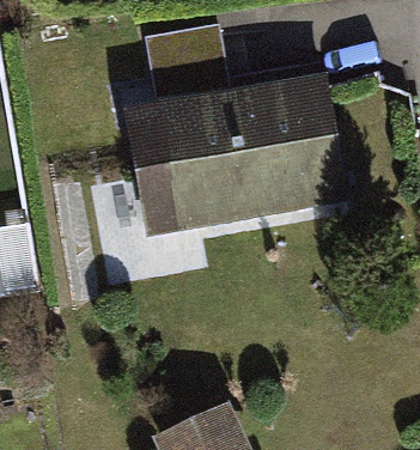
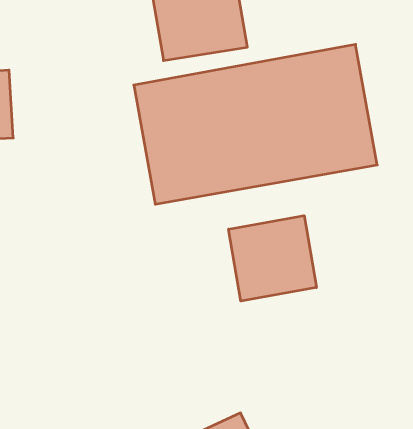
building: none -> [229,216,316,301]

